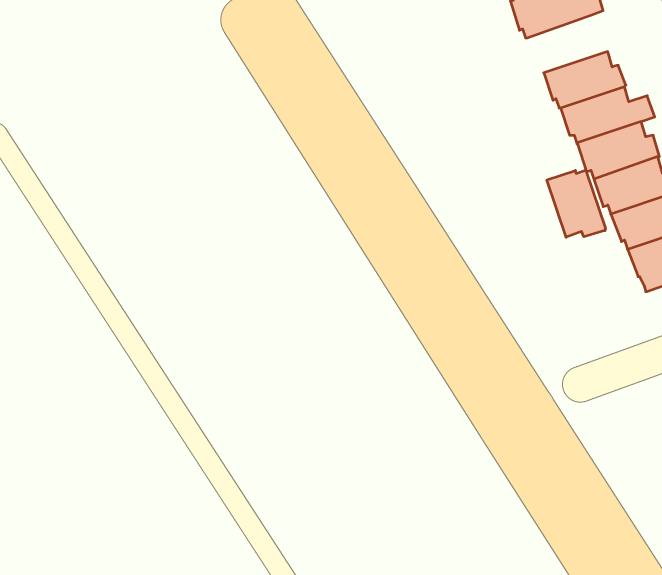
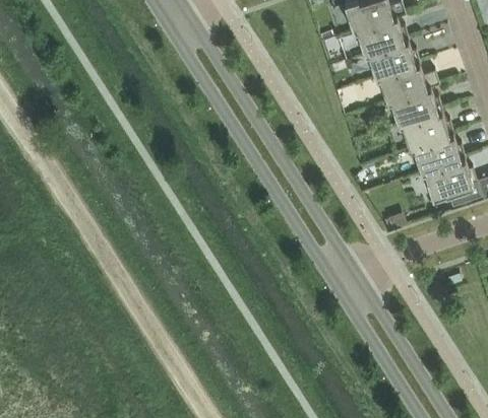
building: none -> [354,16,409,55]
building: [547,170,605,237] -> none

